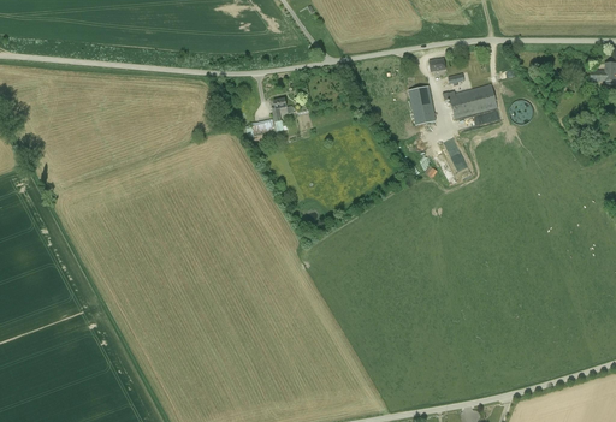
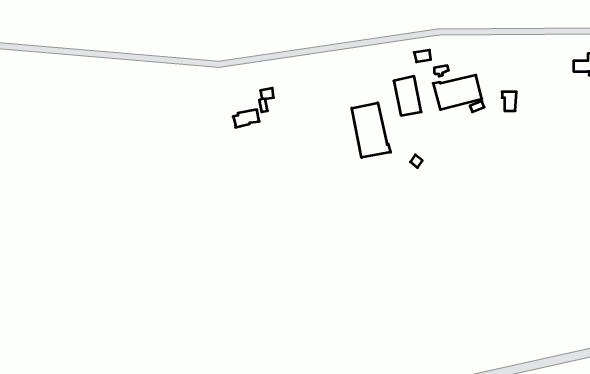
building: none -> [352,103,391,158]

